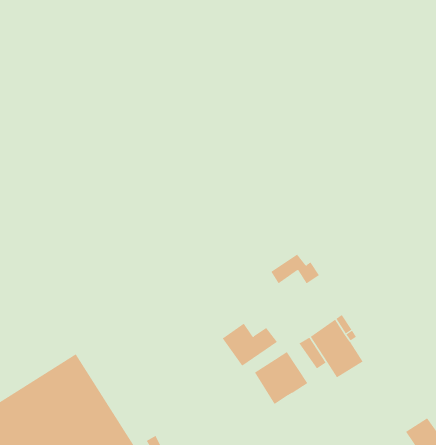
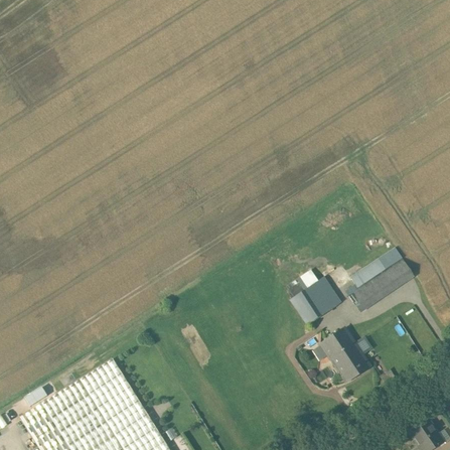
building: none -> [346,249,414,312]
building: [222,323,278,367] -> [291,286,341,325]
building: [254,351,308,405] -> none

